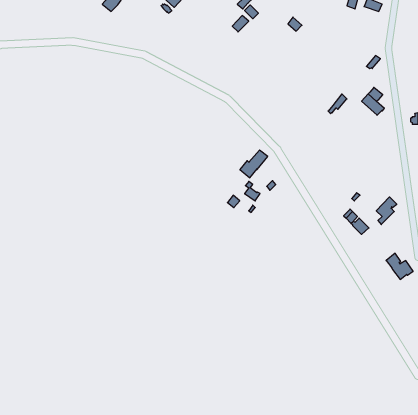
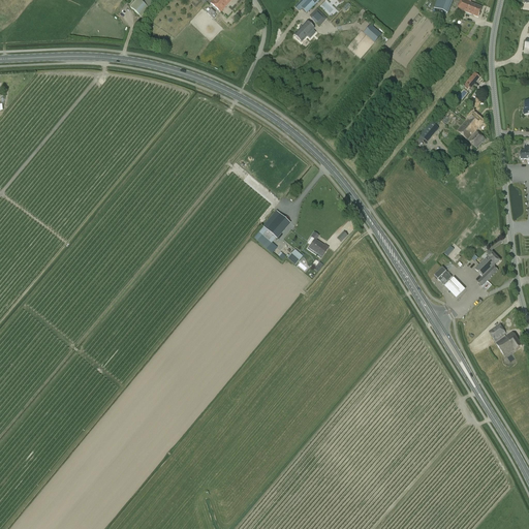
building: [240,150,268,178] -> [254,212,289,247]

